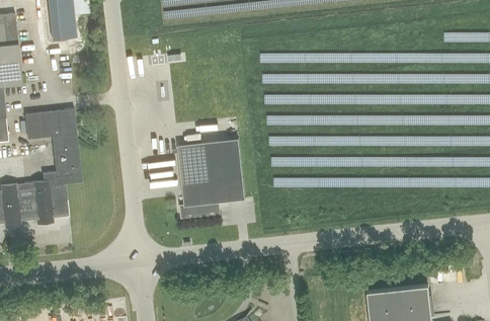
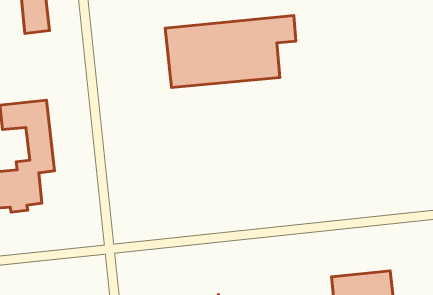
building: none -> [165,15,296,87]
building: [177,139,244,218] -> none

